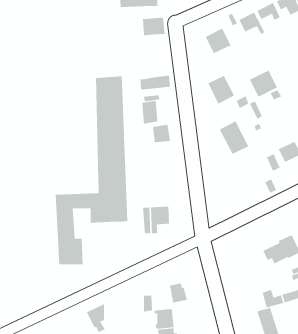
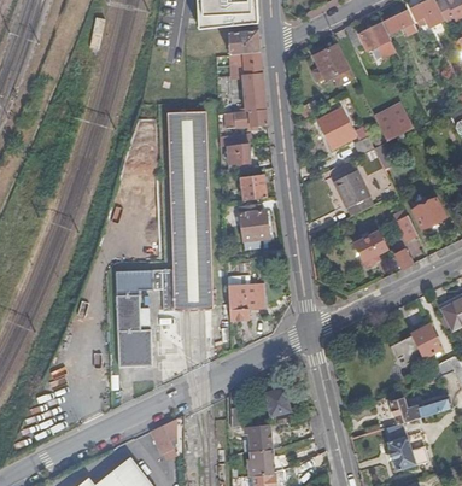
building: none -> [238,53,267,111]
building: none -> [241,211,269,250]
building: none -> [353,230,386,265]

